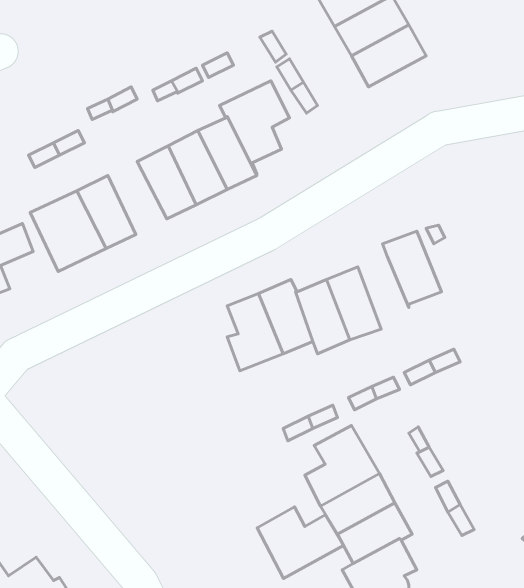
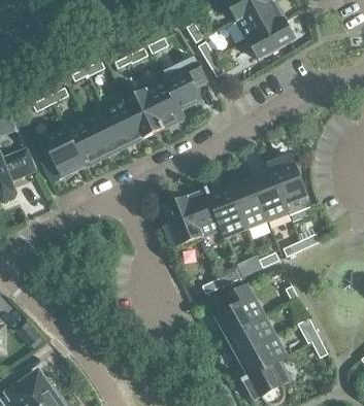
building: none -> [85,108,124,157]
building: none -> [251,171,288,219]
building: [257,507,344,578] -> none

